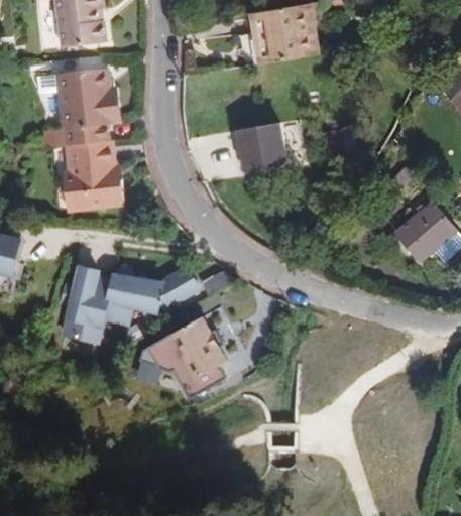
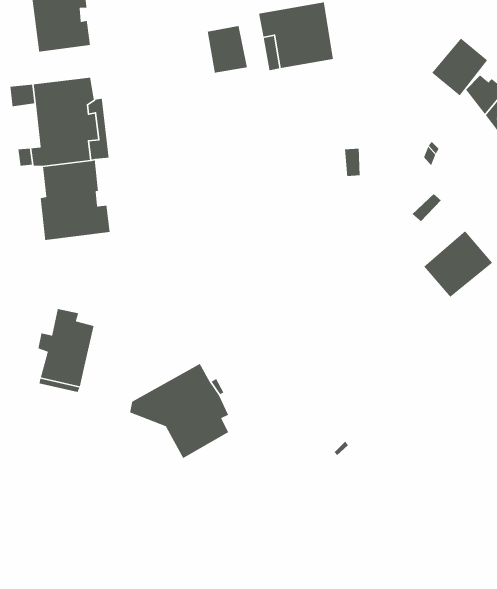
building: none -> [207,25,248,74]
building: none -> [431,37,488,97]
building: [238,122,285,169] -> none
building: [102,272,200,325] -> none

